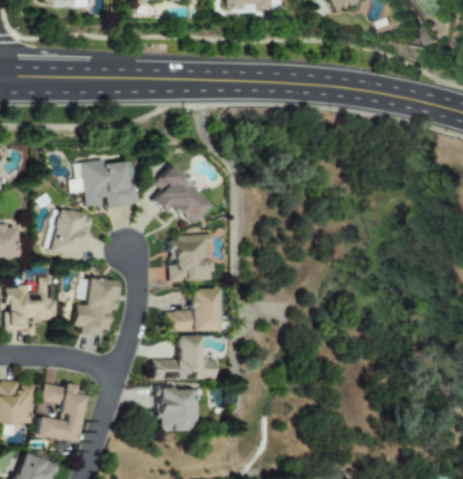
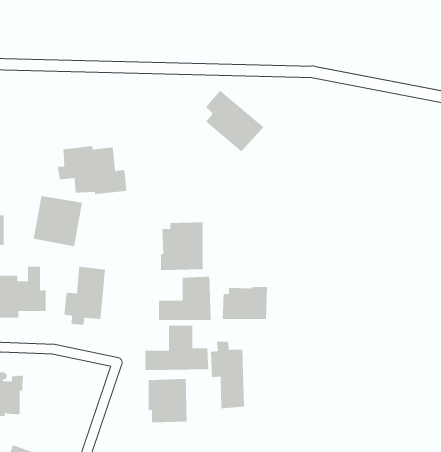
building: [155,166,213,227] -> [205,90,264,152]
building: none -> [222,286,268,320]
building: none -> [210,341,245,409]
building: [37,383,86,442] -> none

